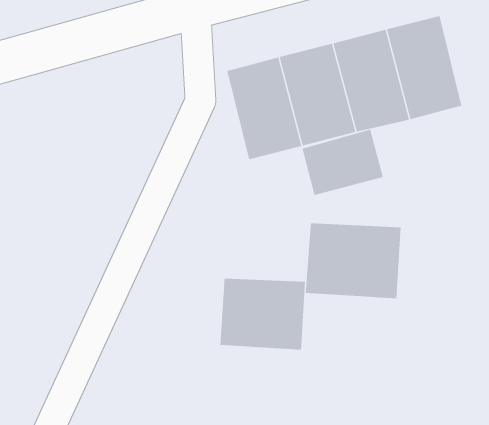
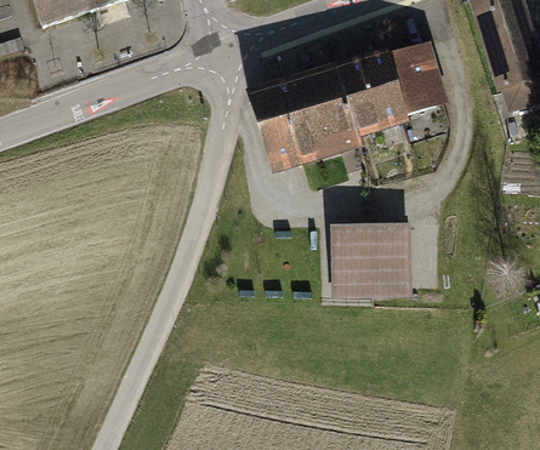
building: [302,129,383,196] -> none
building: [220,278,305,351] -> none

